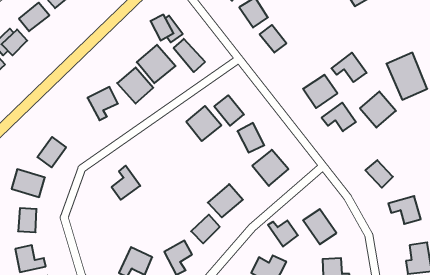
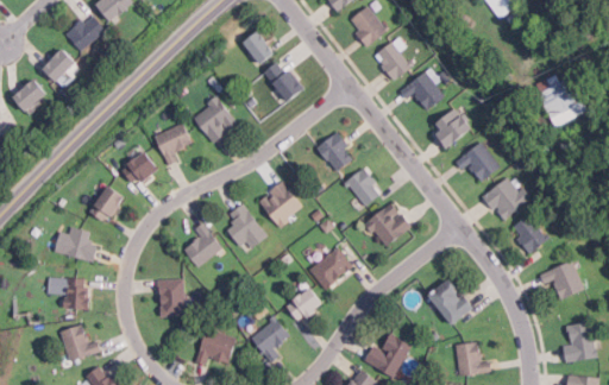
building: [137,45,176,83] -> none
building: [331,53,367,82] -> [398,71,444,109]
building: [360,91,396,128] -> [483,176,529,222]
building: [186,106,221,141] -> [258,182,303,227]
building: none -> [123,152,158,189]
building: none -> [225,204,268,254]
building: none -> [159,279,182,316]
building: [268,220,298,247] -> none

